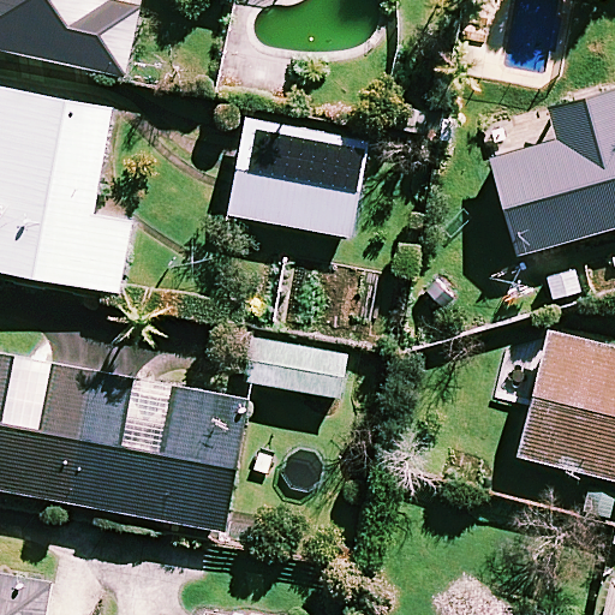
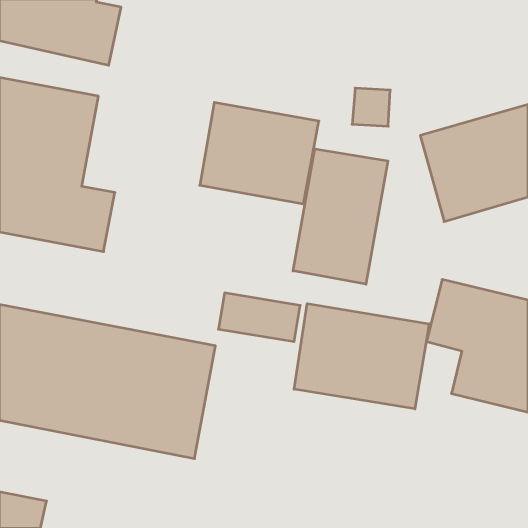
building: none -> [293,149,388,284]
building: none -> [294,304,429,409]

